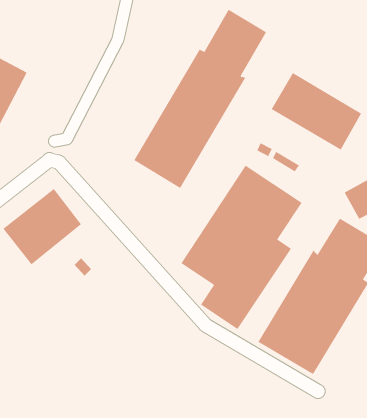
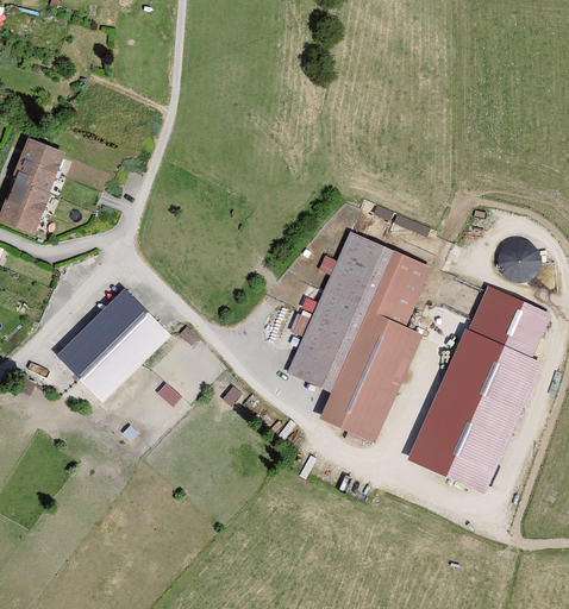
building: [133,9,267,189] -> none
building: [271,72,362,150] -> none

